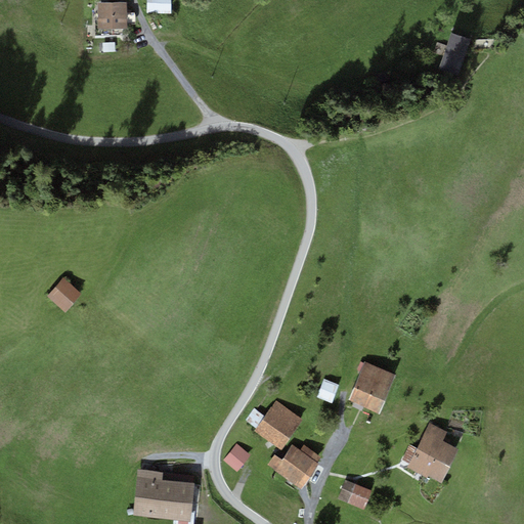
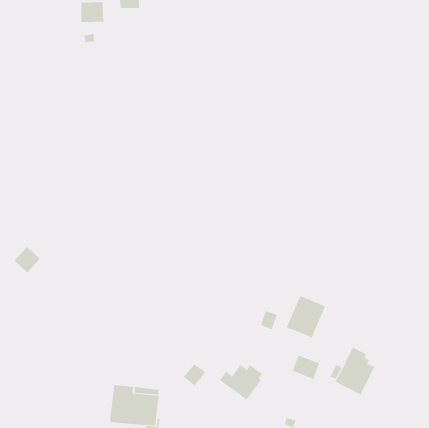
building: [440,32,469,74] -> none
building: [48,277,81,310] -> [14,246,41,273]
building: [255,399,303,449] -> none
building: [338,479,372,510] -> [292,355,320,380]

